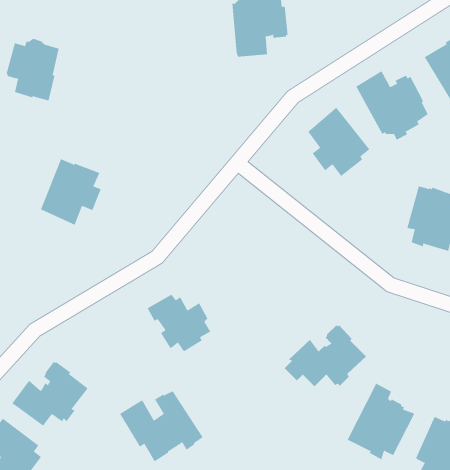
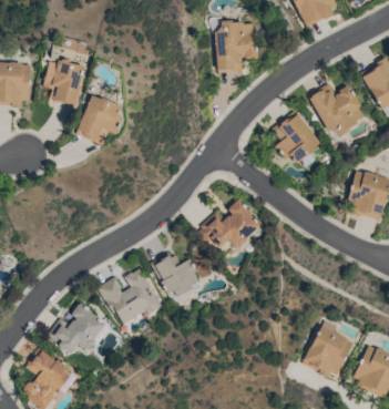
building: [40,158,101,225] -> [75,94,122,145]
building: [284,324,367,387] -> [196,200,259,247]
building: [119,391,204,462] -> [98,269,162,324]

